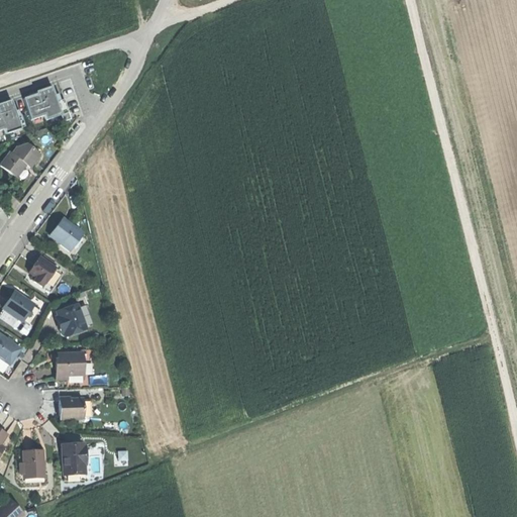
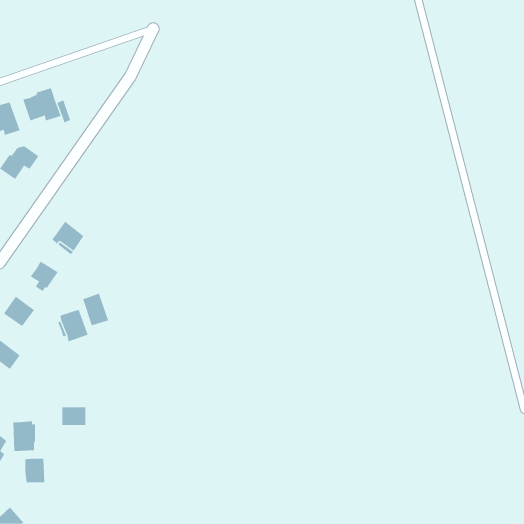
building: none -> [83,293,109,326]
building: [56,352,85,380] -> none
building: [62,442,85,473] -> [12,421,36,452]

